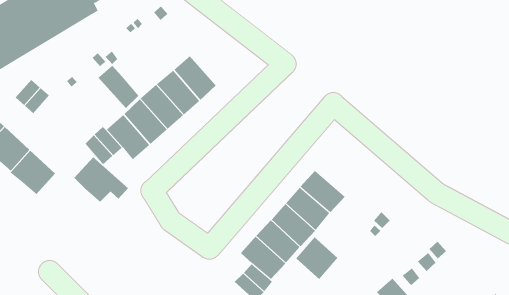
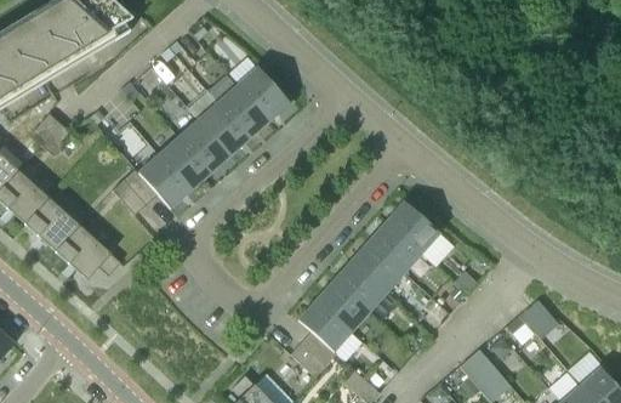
building: none -> [237,68,294,121]
building: [98,65,139,109] -> none
building: none -> [384,197,439,254]
building: [74,156,129,203] -> [55,226,120,280]
building: [296,237,338,280] -> none

